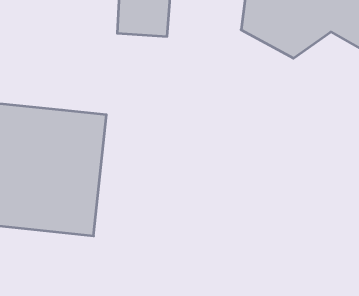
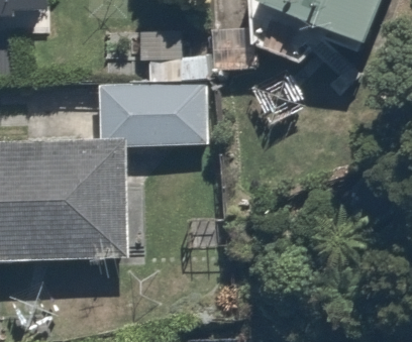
building: none -> [83,83,203,142]

